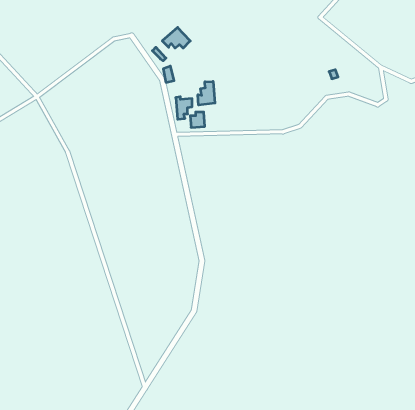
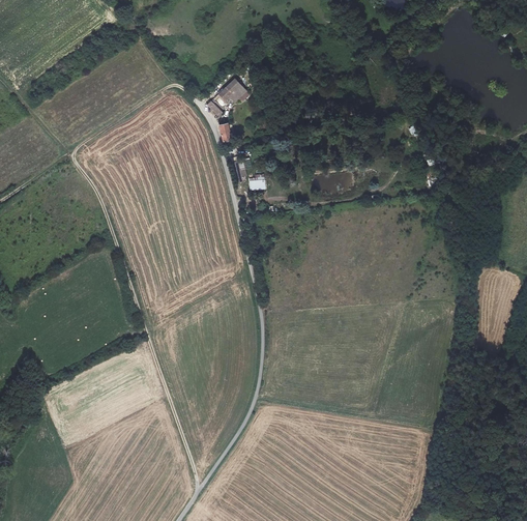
building: [198,81,215,105] -> none

